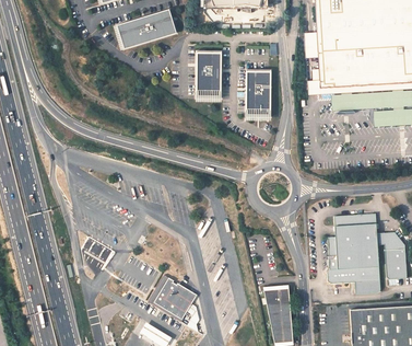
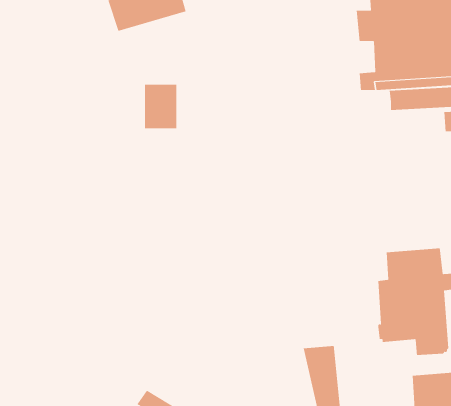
building: [197,50,222,84] -> [144,84,177,129]
building: [247,69,272,103] -> none
building: [151,277,199,323] -> none

